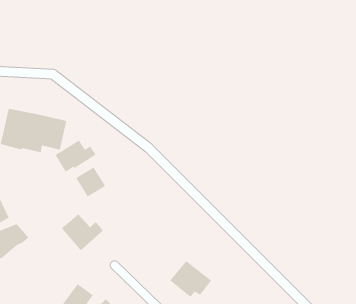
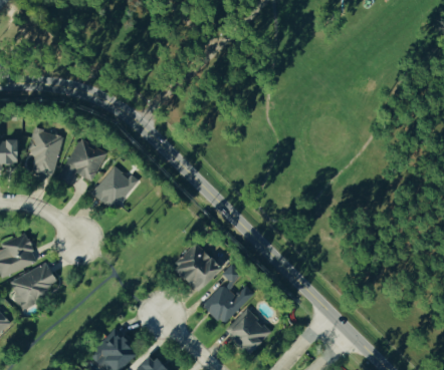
building: [75,166,106,197] -> none
building: [61,214,104,251] -> [170,249,220,293]
building: none -> [202,275,252,324]

